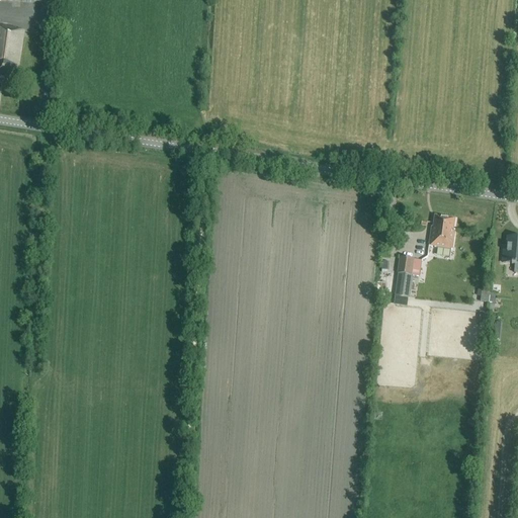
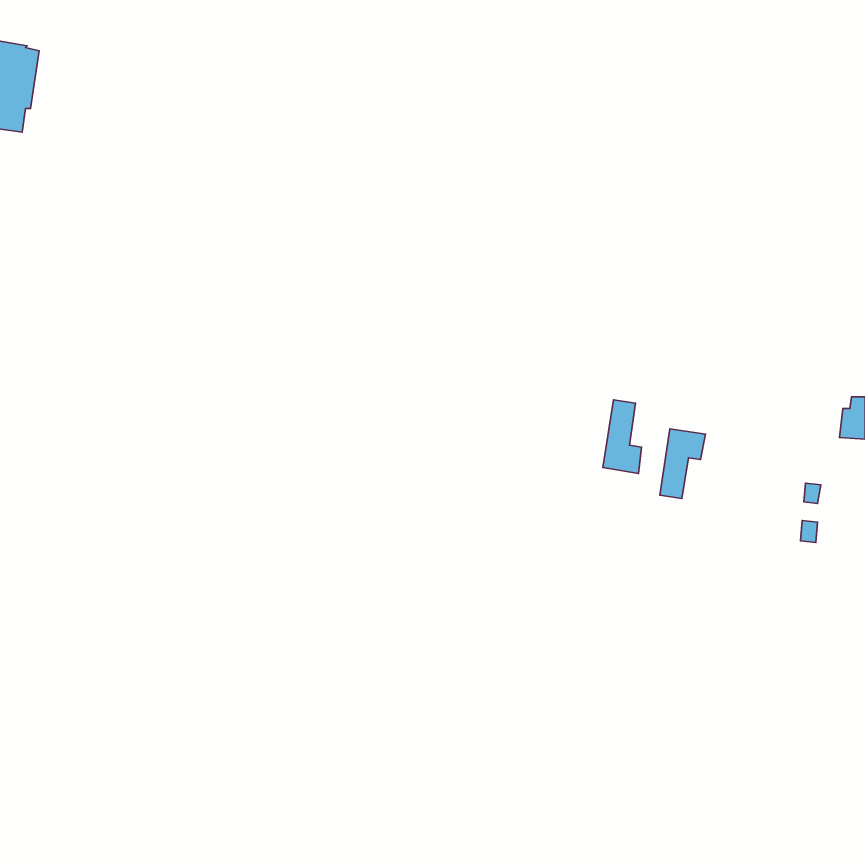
building: [428,214,453,248] -> none
building: none -> [603,400,642,473]

